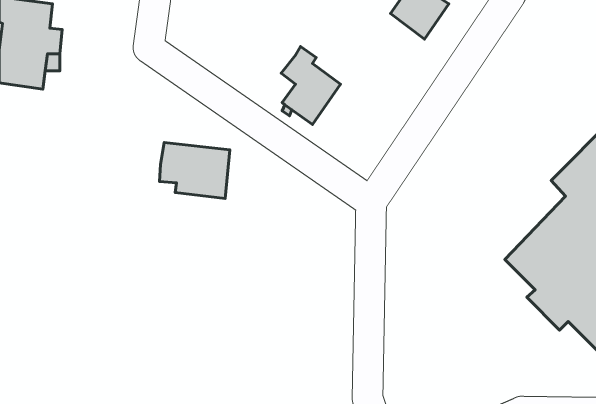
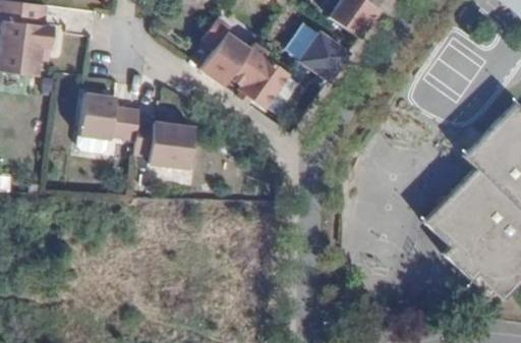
building: none -> [199,17,249,85]
building: none -> [298,30,348,80]
building: none -> [79,95,140,141]

